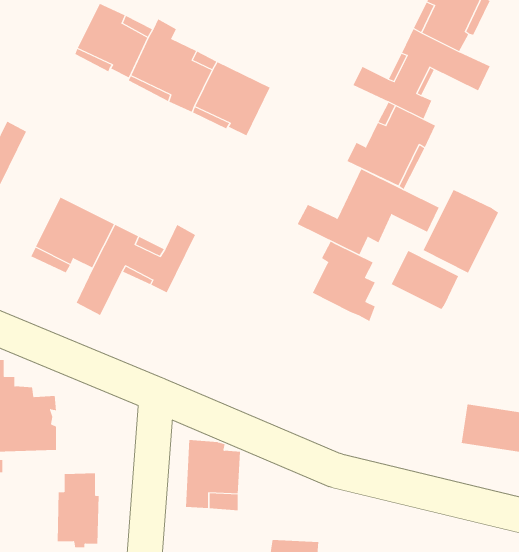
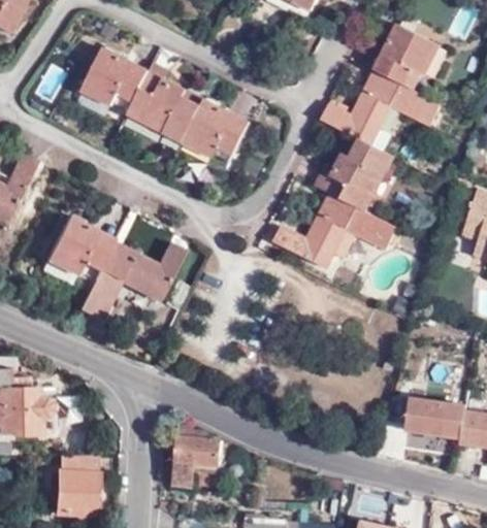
building: [423,189,499,273] -> none
building: [312,241,376,322] -> none
building: [391,250,459,310] -> none

